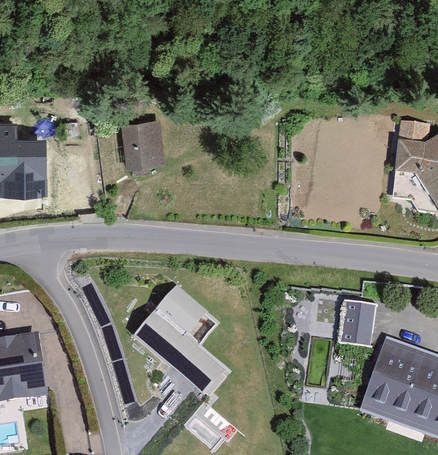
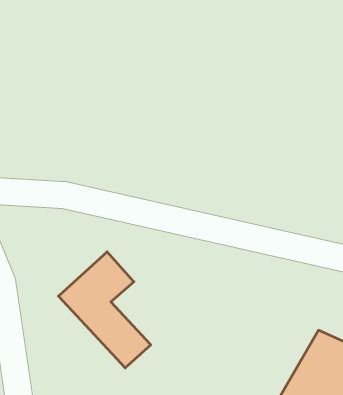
building: [128,122,173,170] -> none
building: [335,299,374,341] -> none

